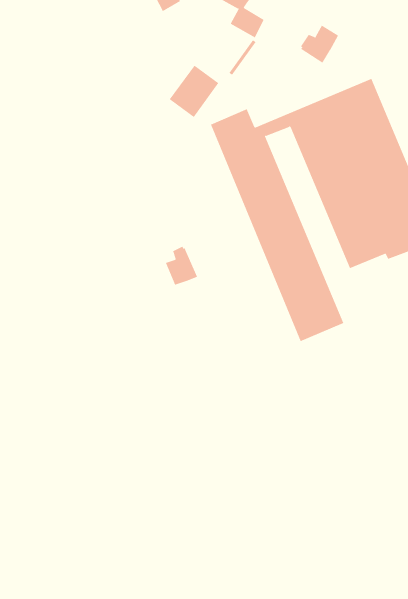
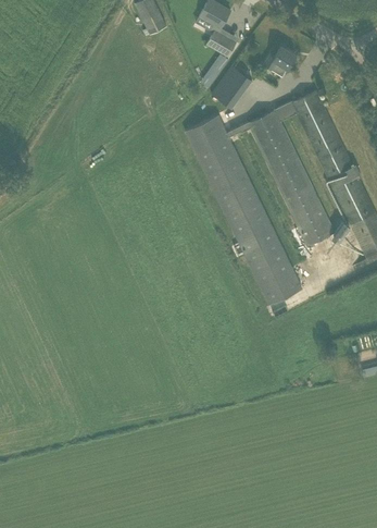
building: [169,65,219,118] -> [210,65,251,109]
building: [165,246,198,285] -> none

